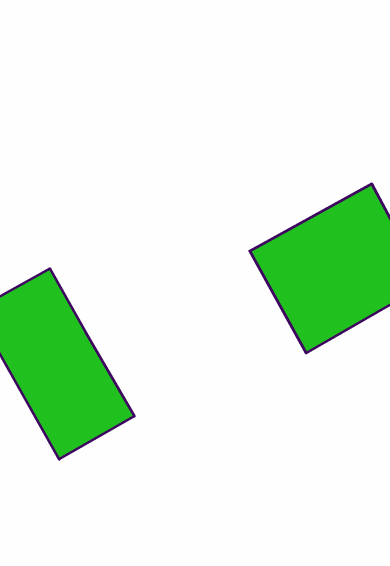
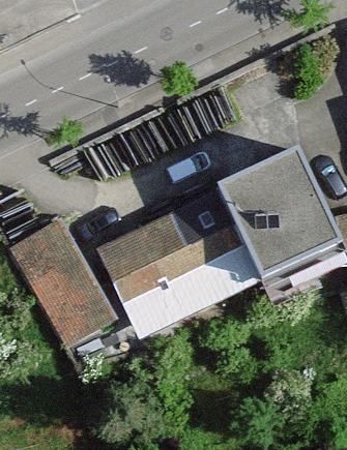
building: none -> [87,196,247,323]

